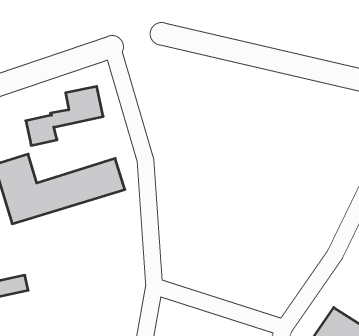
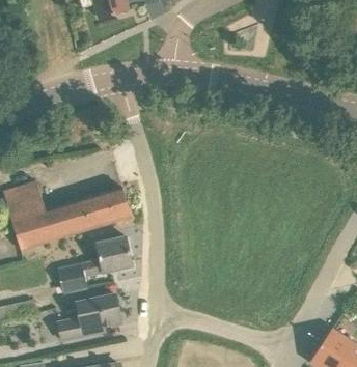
building: [26,86,103,145] -> [57,236,132,293]
building: none -> [57,293,120,342]

